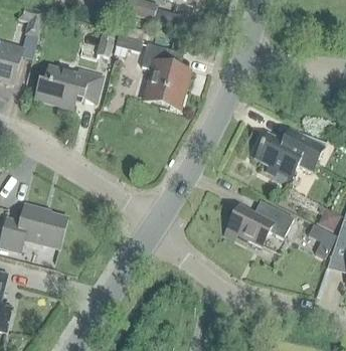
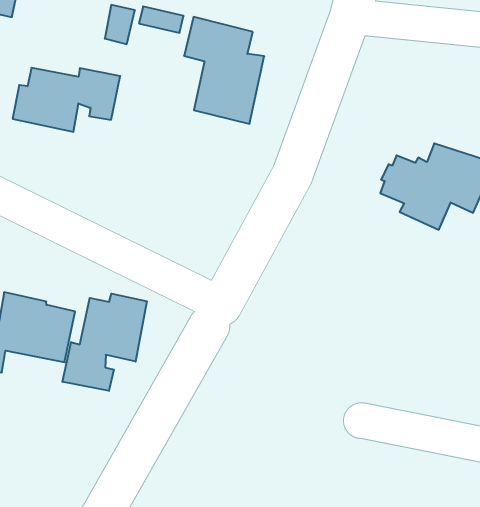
building: [224,203,294,245] -> none
building: none -> [63,294,147,391]

